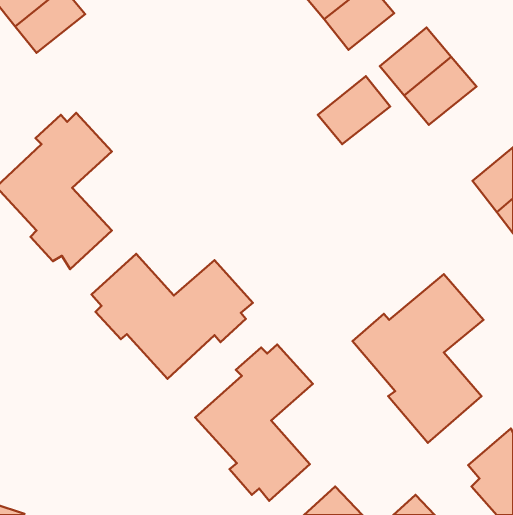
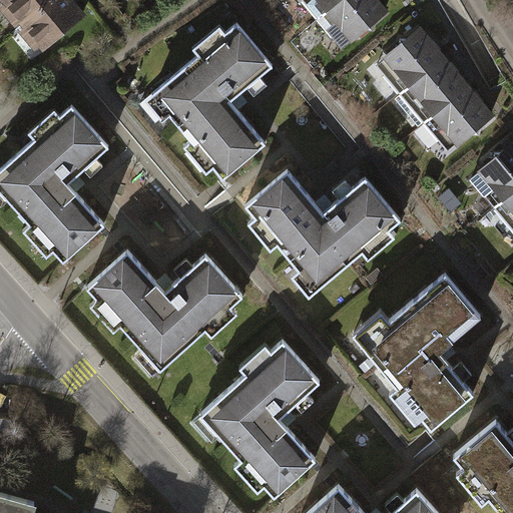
building: none -> [144,23,267,176]
building: [318,76,390,144] -> [423,85,494,152]
building: none -> [250,172,410,302]

